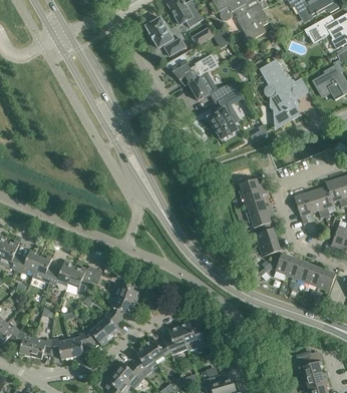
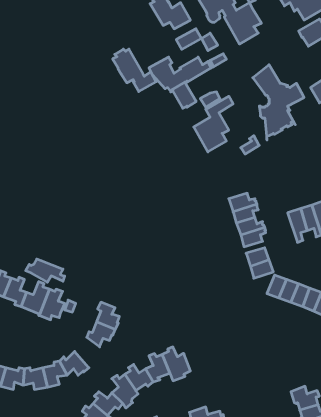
building: [145,17,186,56] -> [113,49,156,92]
building: none -> [26,259,65,282]
building: [96,311,121,339] -> none

